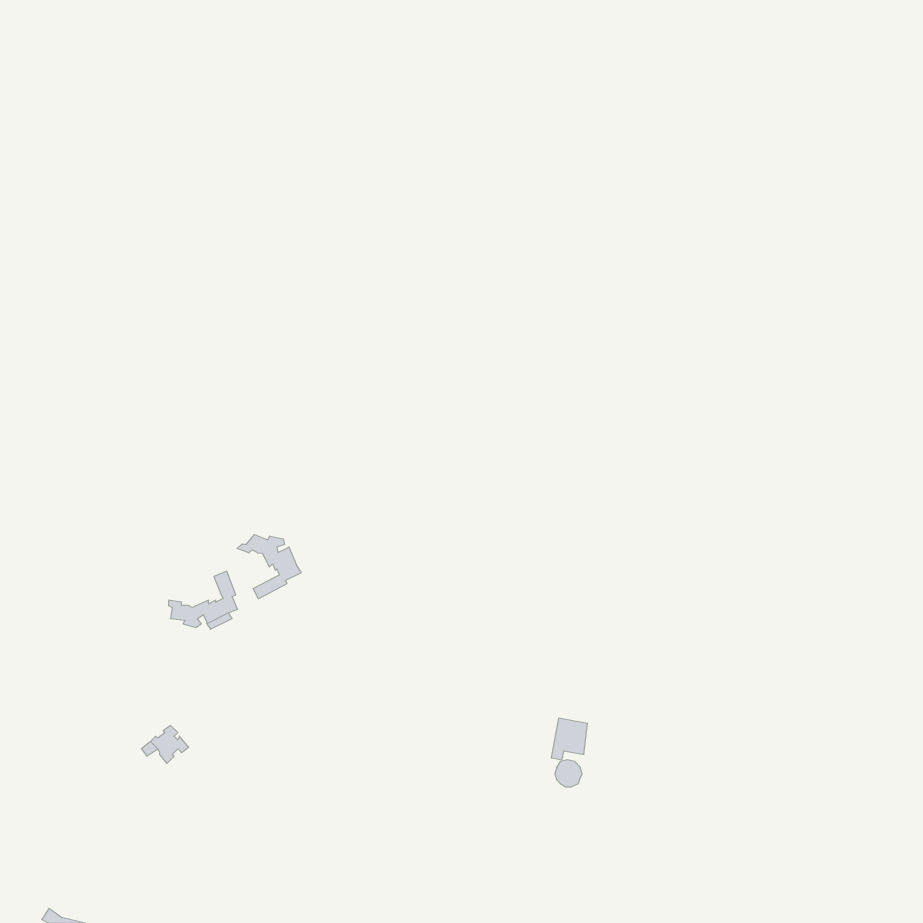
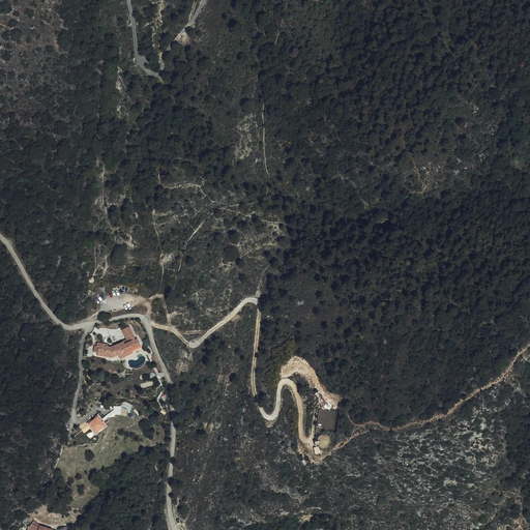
building: [237,535,301,599] -> none

